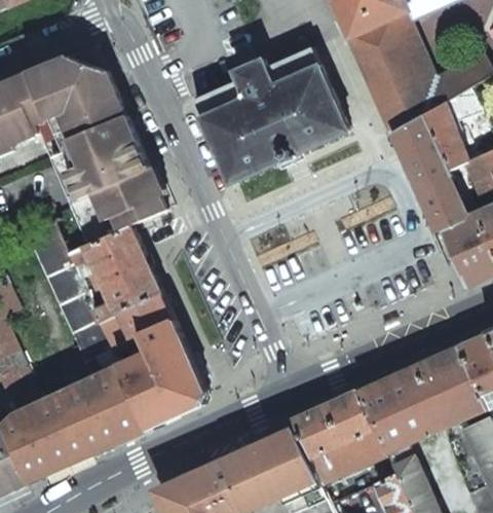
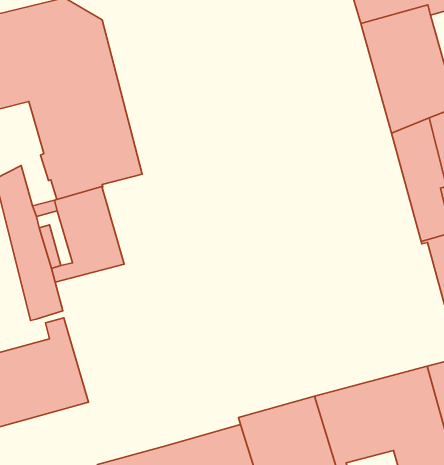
building: [192,48,347,184] -> none
building: [100,295,205,429] -> none

